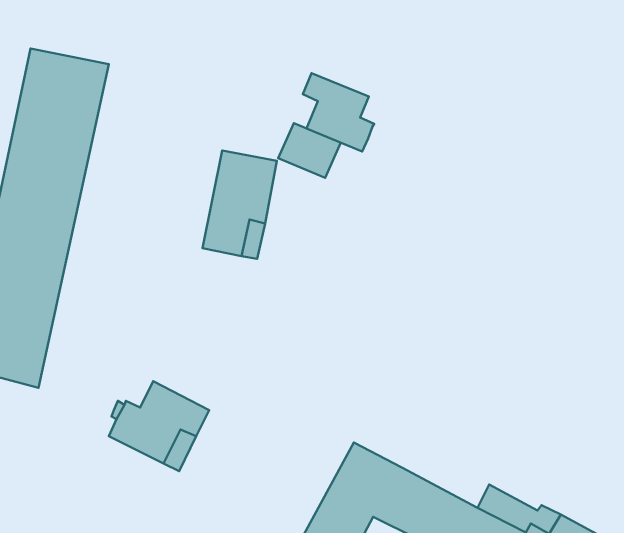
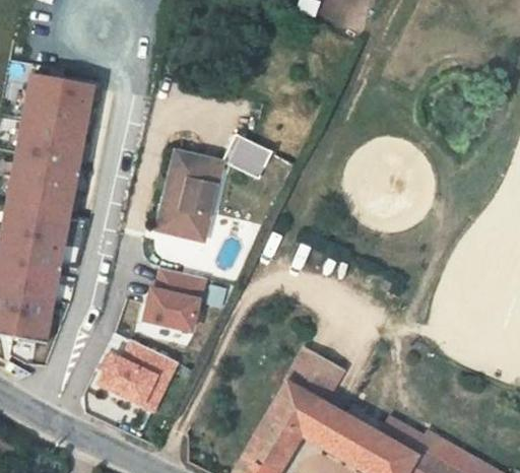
building: [303,73,374,151] -> none
building: none -> [140,267,201,329]
building: none -> [284,354,338,404]

